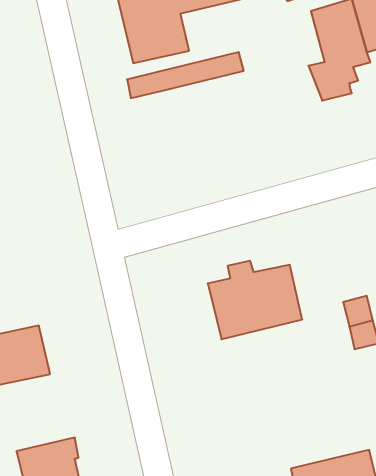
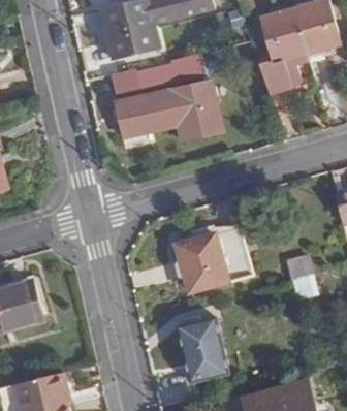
building: none -> [113,81,225,139]
building: none -> [178,318,228,383]

